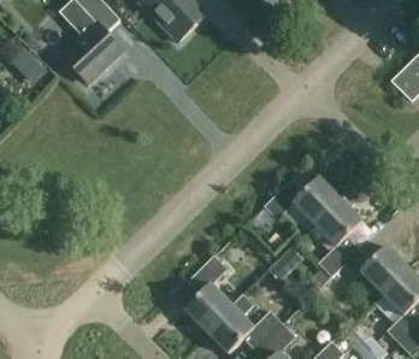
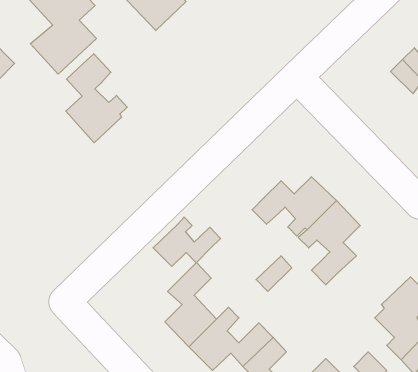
building: none -> [66,54,127,143]
building: none -> [153,217,221,266]
building: [343,245,409,293] -> none

